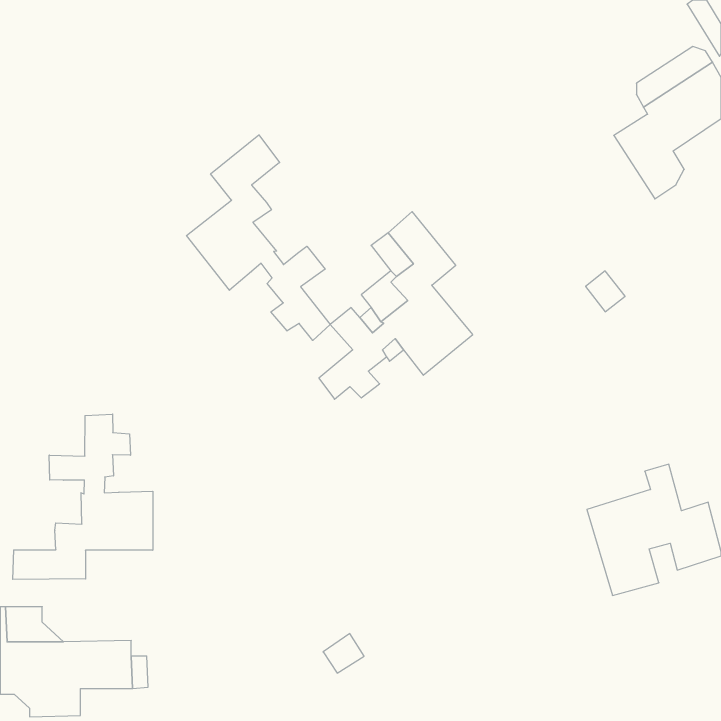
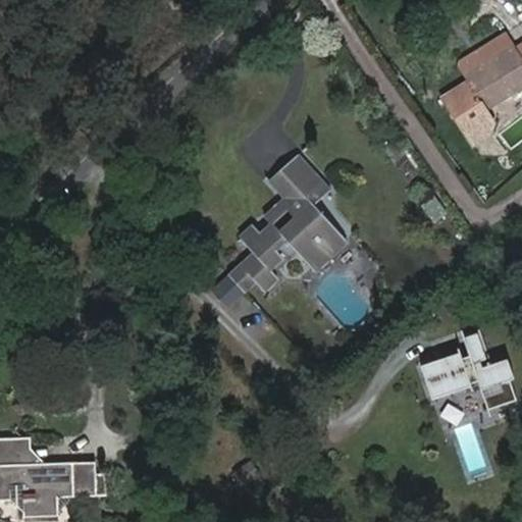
building: [187,135,330,340] -> none
building: [13,414,153,579] -> none

